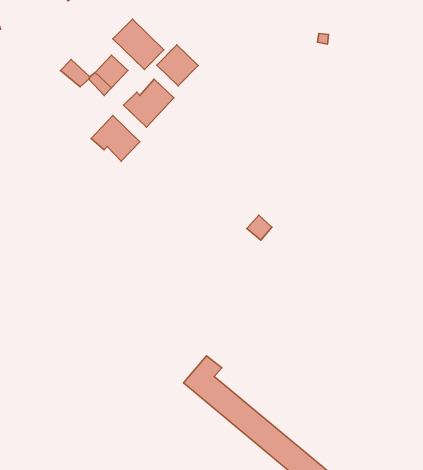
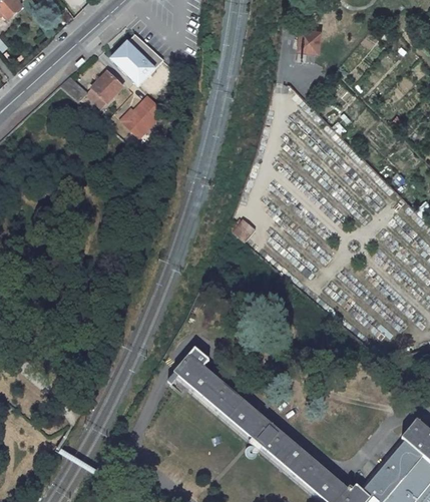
building: none -> [300,28,322,51]
building: [157,45,198,86] -> none
building: [91,116,140,161] -> none

